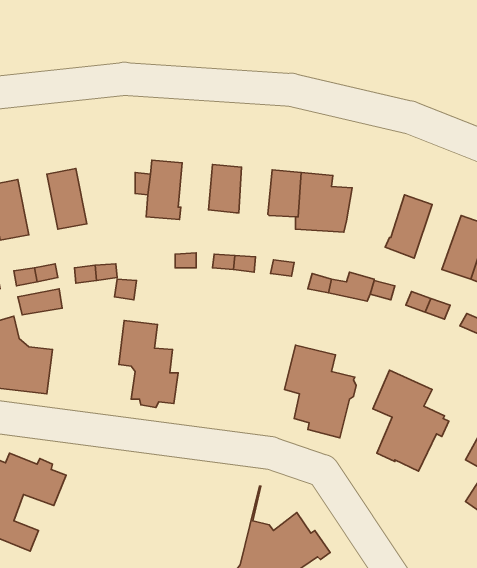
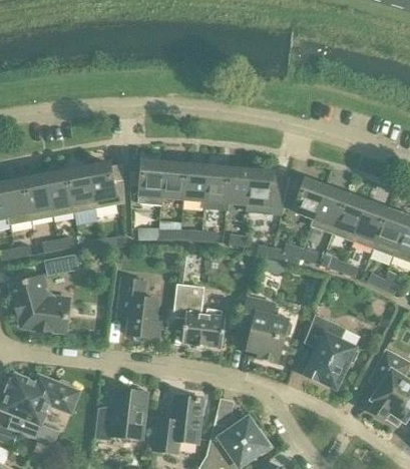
building: none -> [87,163,124,207]
building: none -> [161,163,186,197]
building: none -> [203,166,230,209]
building: none -> [45,171,74,215]
building: none -> [284,178,326,217]
building: none -> [333,193,367,241]
building: none -> [173,284,226,347]
building: none -> [95,387,147,439]
building: none -> [154,395,204,452]

